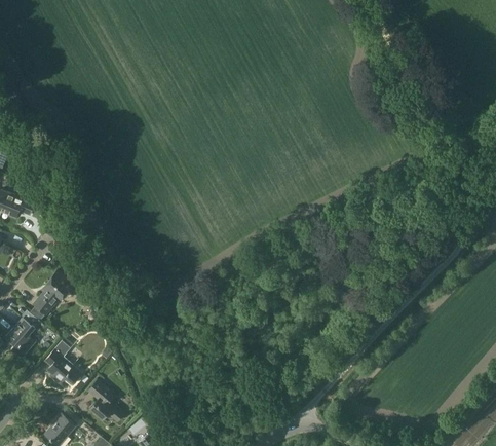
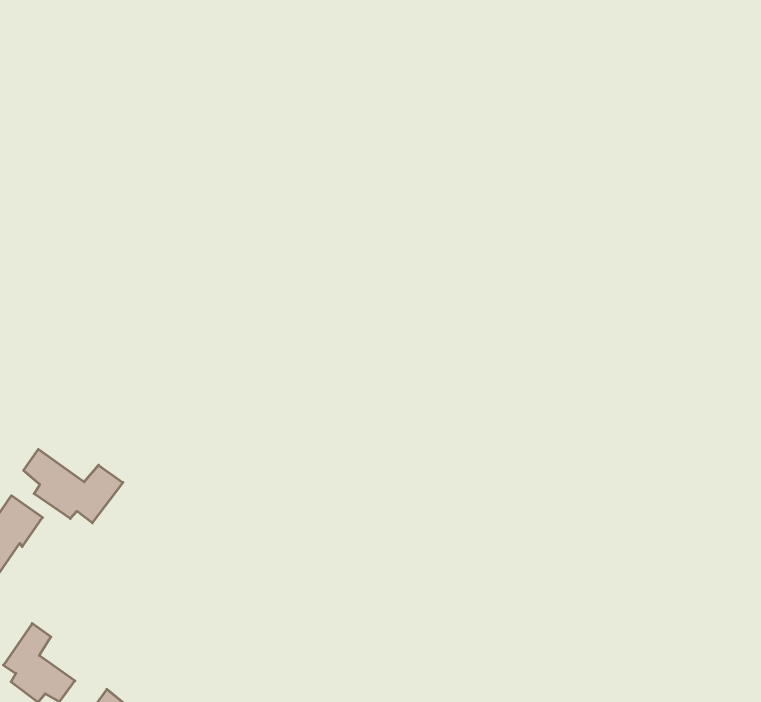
building: none -> [24,449,123,523]

